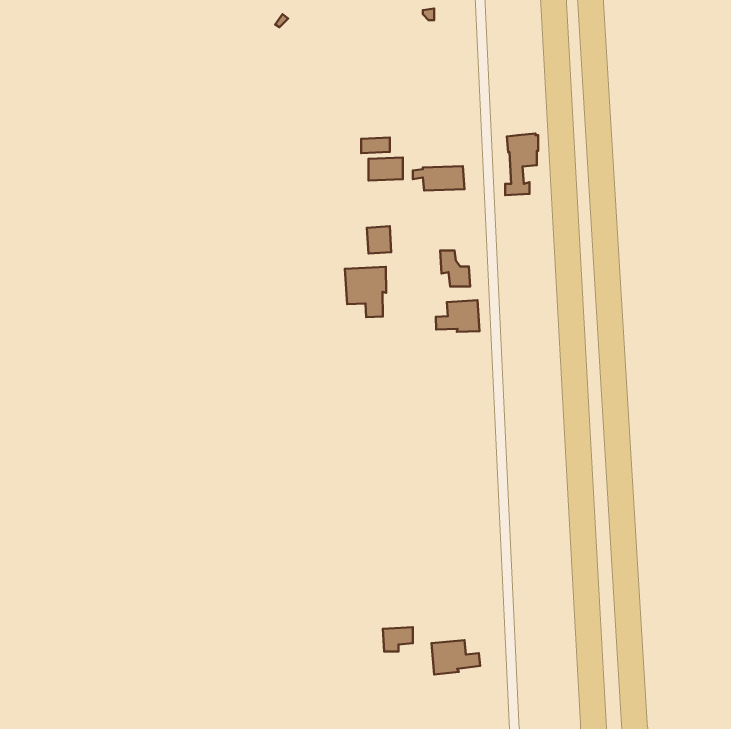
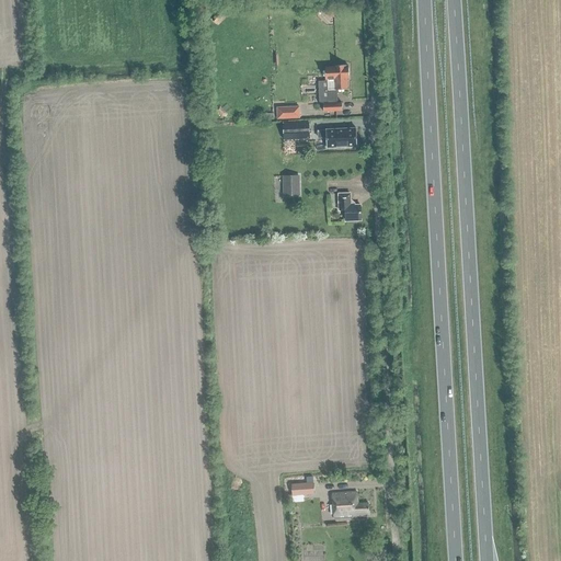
building: [505,134,538,195] -> [321,64,346,111]
building: [345,267,386,317] -> none
building: [436,300,479,332] -> none

